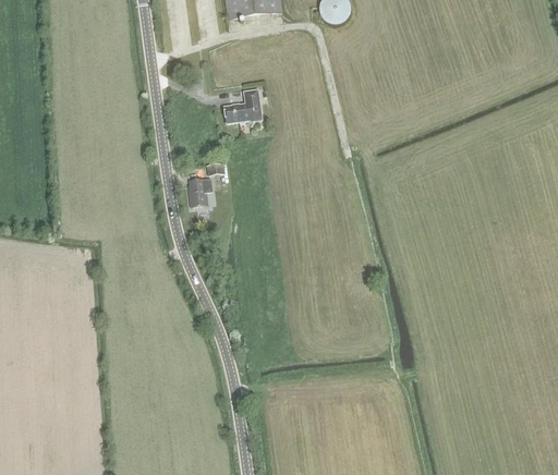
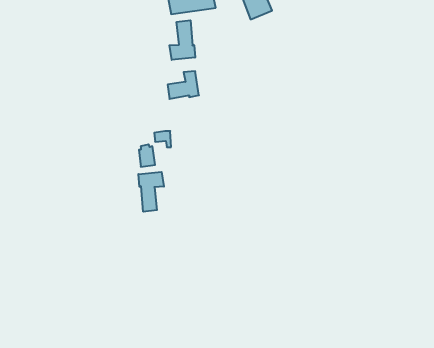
building: none -> [169,20,195,60]
building: none -> [138,172,164,212]

